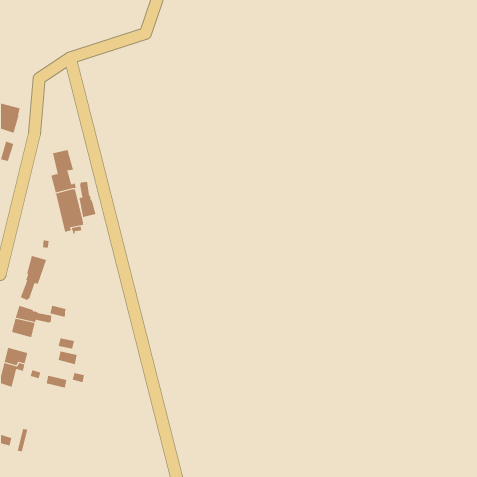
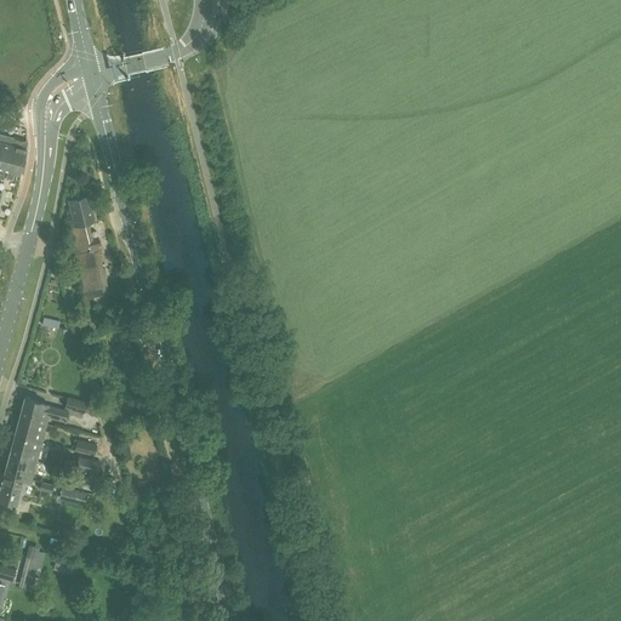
building: [79,181,96,218] -> none
building: [20,255,47,301] -> none
building: none -> [10,432,41,458]

